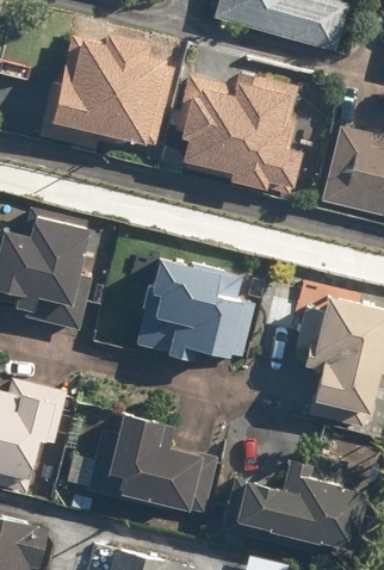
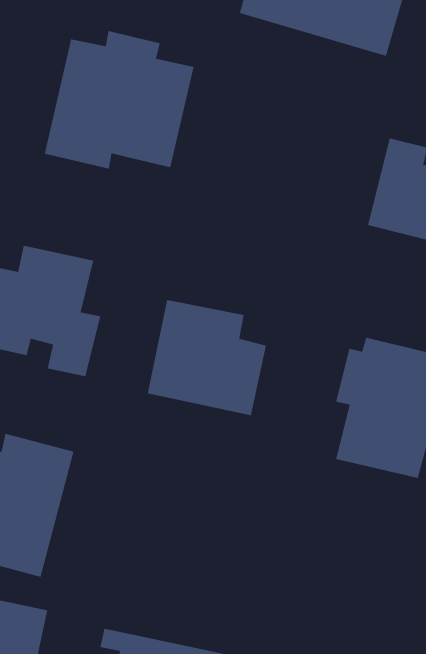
building: [176,72,299,188] -> none
building: [89,411,205,519] -> none
building: [223,452,364,557] -> none

